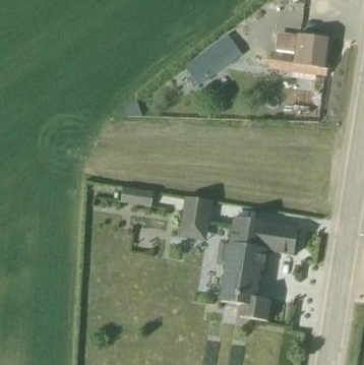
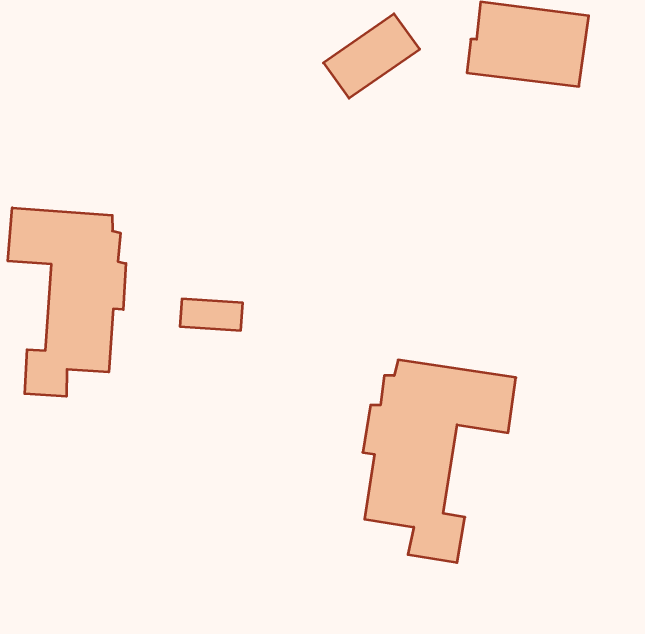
building: none -> [8,208,126,396]
building: [173,197,213,242] -> none

